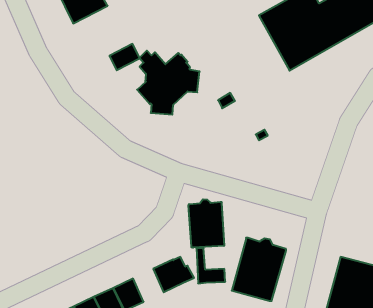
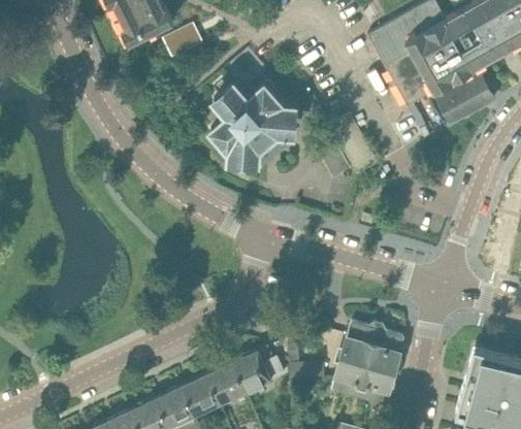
building: [109,44,140,70] -> [164,24,203,58]
building: none -> [436,72,496,124]
building: [189,199,224,248] -> none
building: none -> [207,362,247,404]

